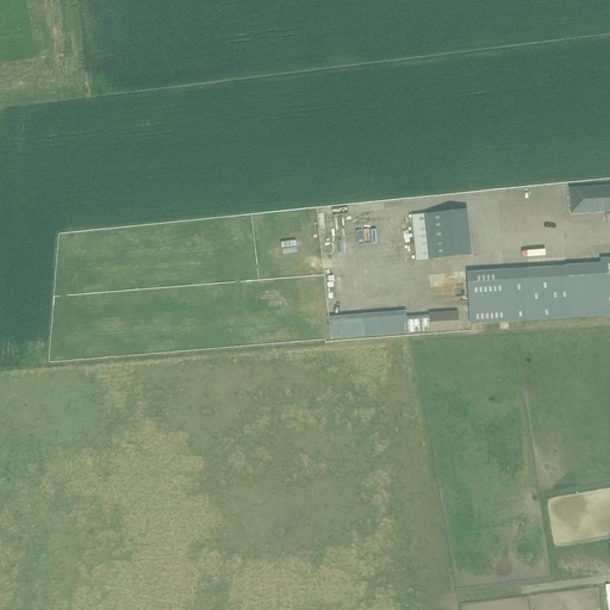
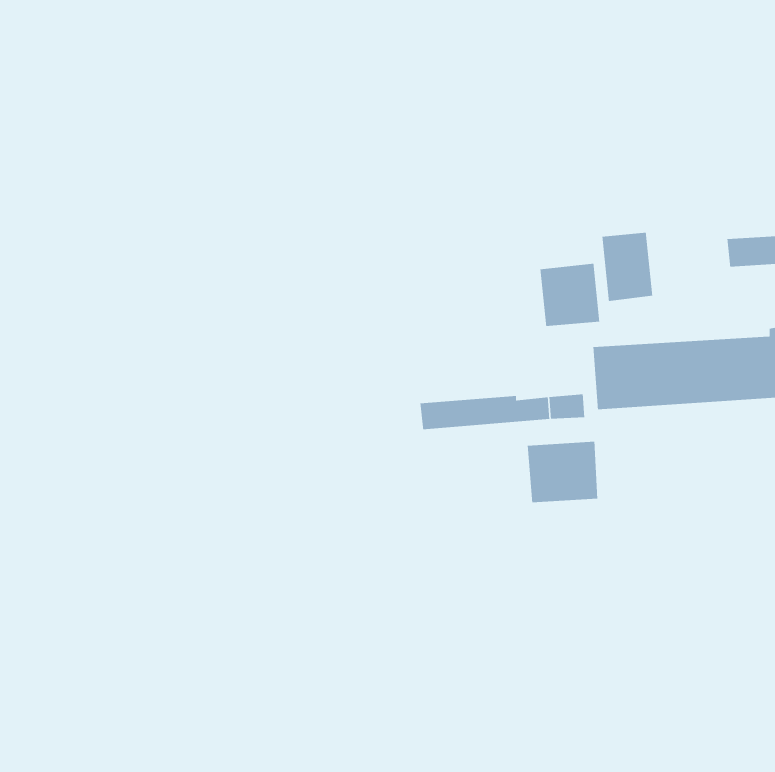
building: none -> [601,232,653,302]
building: none -> [527,441,598,503]

